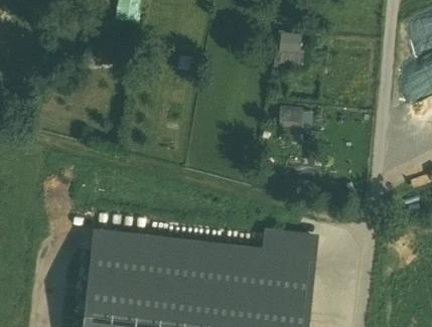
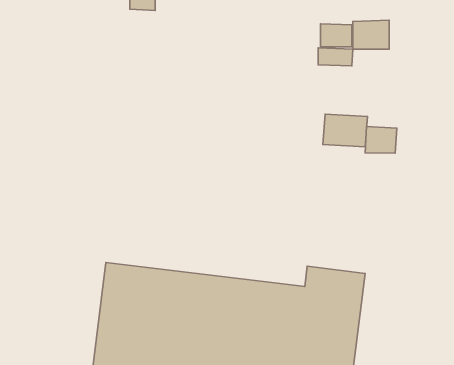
building: none -> [353,20,389,49]
building: none -> [365,126,397,153]

